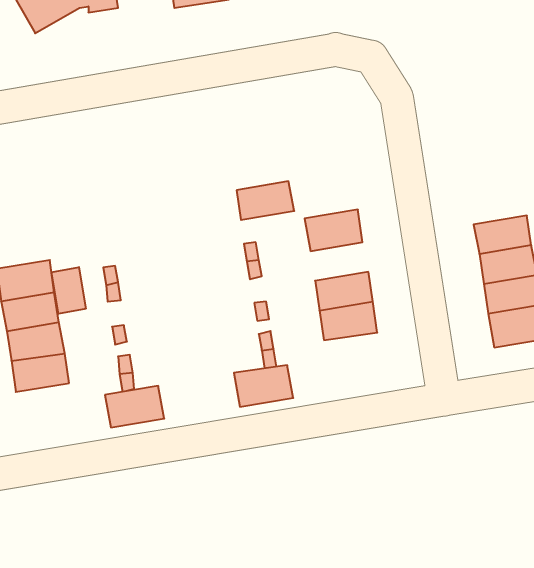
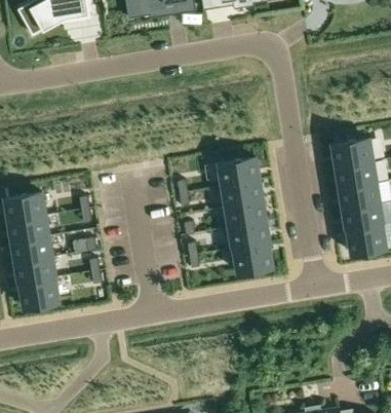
building: [237,181,294,220] -> [223,180,263,206]
building: none -> [333,139,373,167]
building: [52,267,86,314] -> none
building: [234,365,293,407] -> [232,242,273,271]
building: [105,386,164,427] -> [18,277,60,306]

